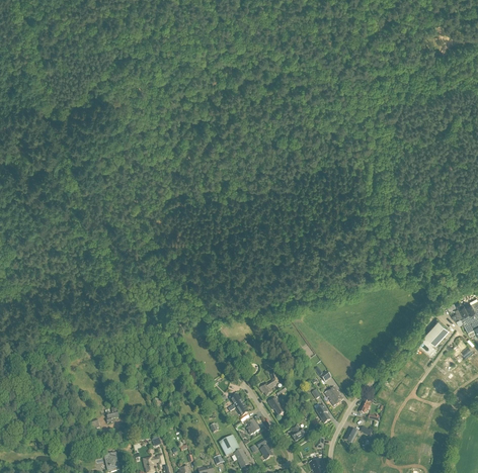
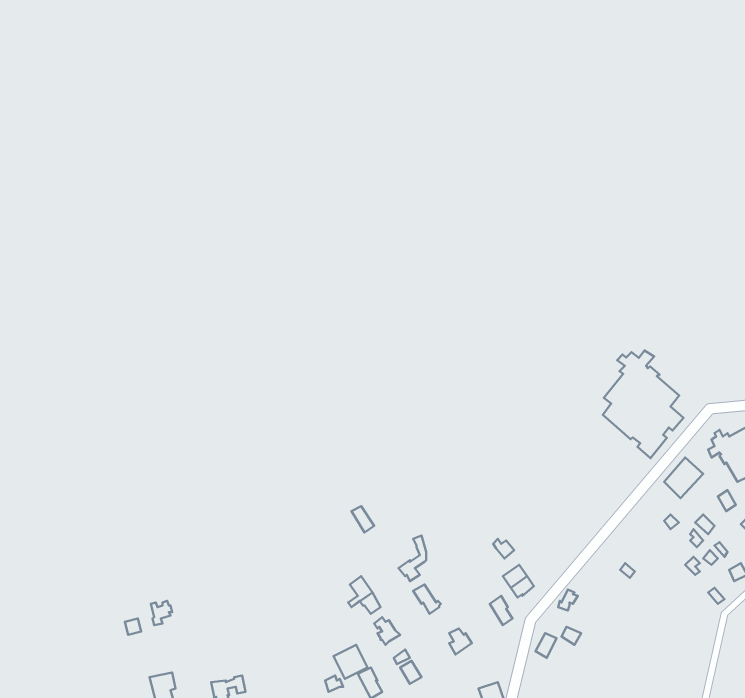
building: none -> [603,350,684,458]

